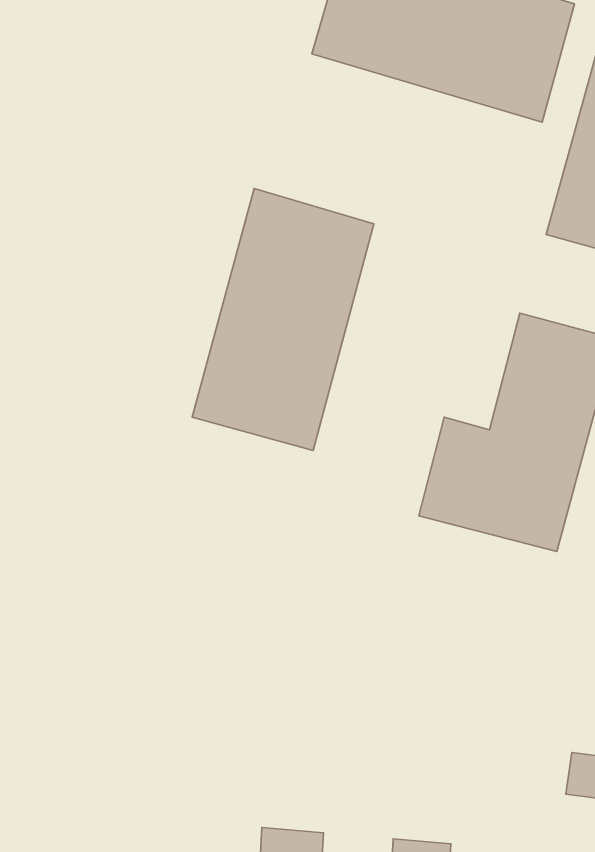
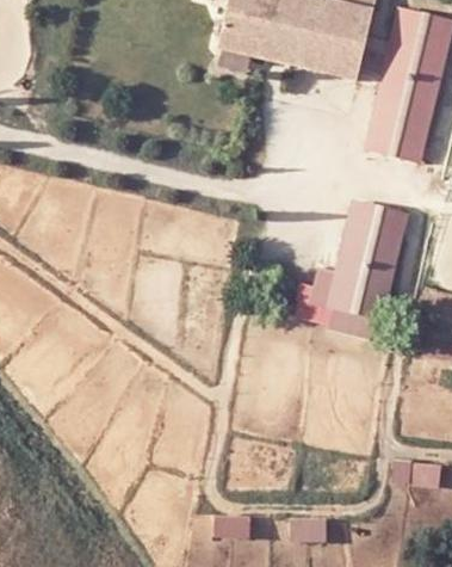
building: [192,189,374,451] -> none

